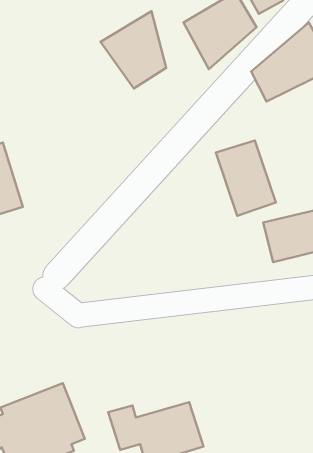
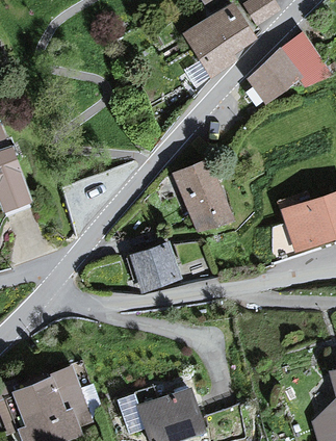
building: [100,11,166,88] -> none
building: [216,140,276,216] -> [175,159,231,230]
building: none -> [130,243,176,289]

